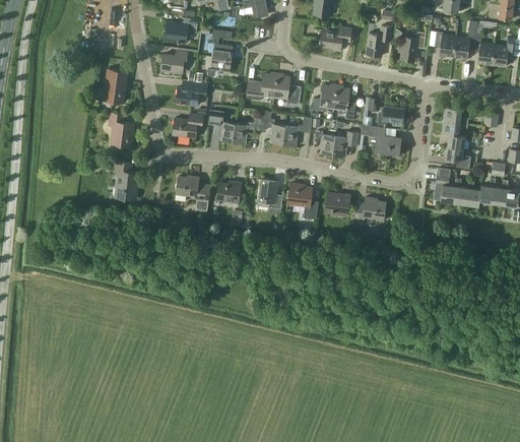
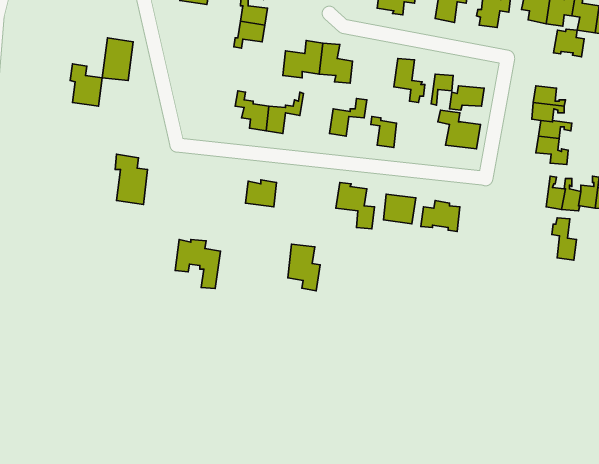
building: [160,51,188,74] -> none
building: none -> [553,29,584,57]
building: [176,82,207,106] -> none
building: [313,83,336,111] -> none
building: [259,111,285,144] -> none
building: [109,113,134,146] -> [70,64,102,106]
building: [173,114,203,138] -> none
building: [333,131,359,156] -> none
building: [436,169,455,202] -> [552,218,576,260]
building: [175,176,210,214] -> [175,240,220,289]
building: [257,179,282,215] -> [288,244,320,291]

